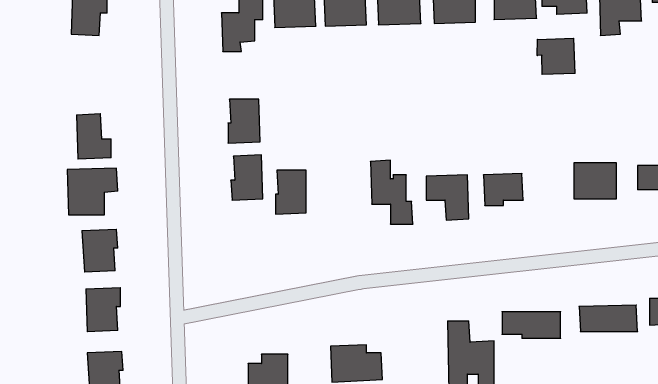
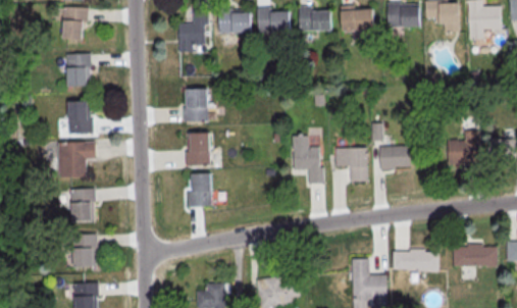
building: [537,38,575,74] -> none
building: none -> [67,53,94,86]
building: [276,170,306,214] -> [187,173,210,207]

